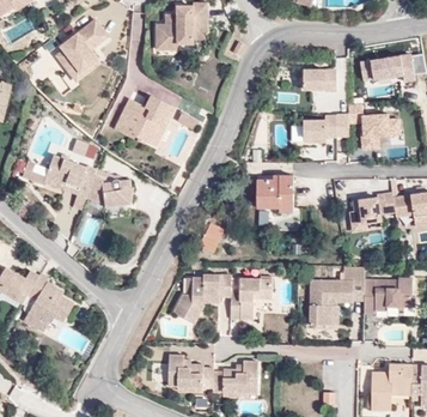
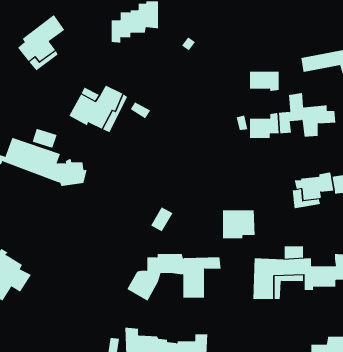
building: [255,175,291,206] -> [222,210,256,239]

